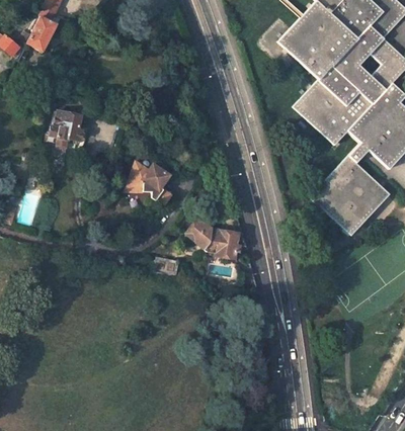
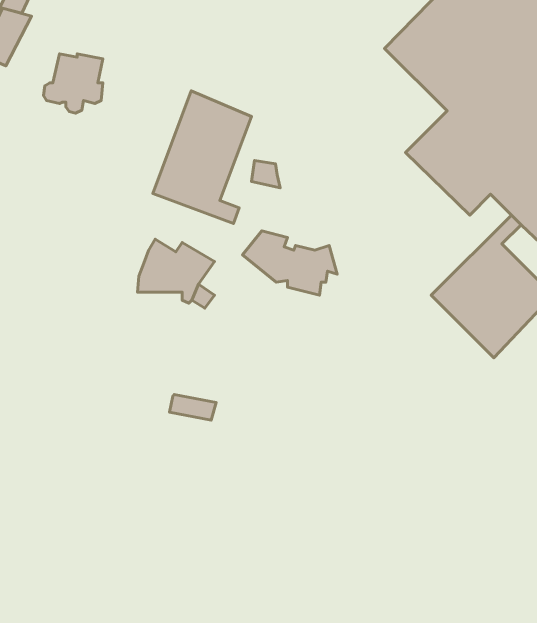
building: none -> [153,91,252,224]
building: [44,112,81,150] -> [43,54,103,113]
building: [188,221,248,261] -> [242,231,337,295]

